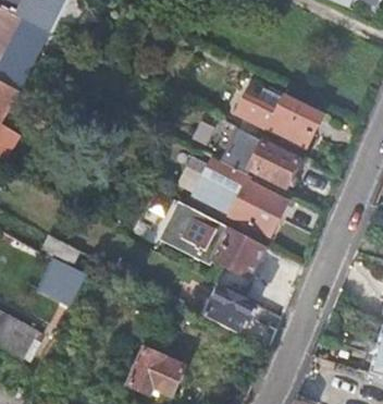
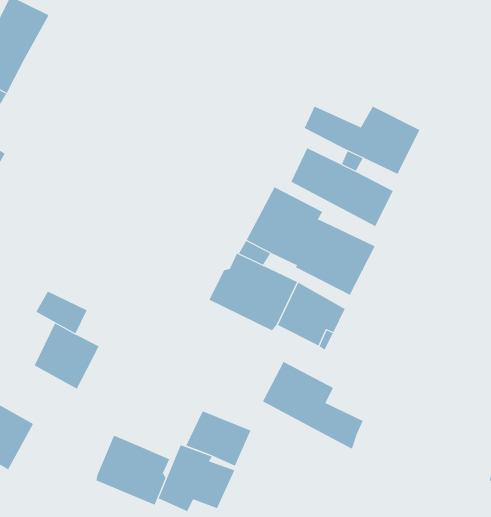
building: none -> [185,410,251,466]
building: none -> [96,435,170,505]

